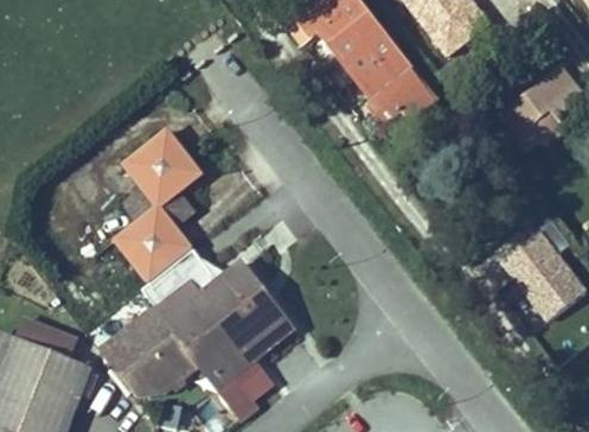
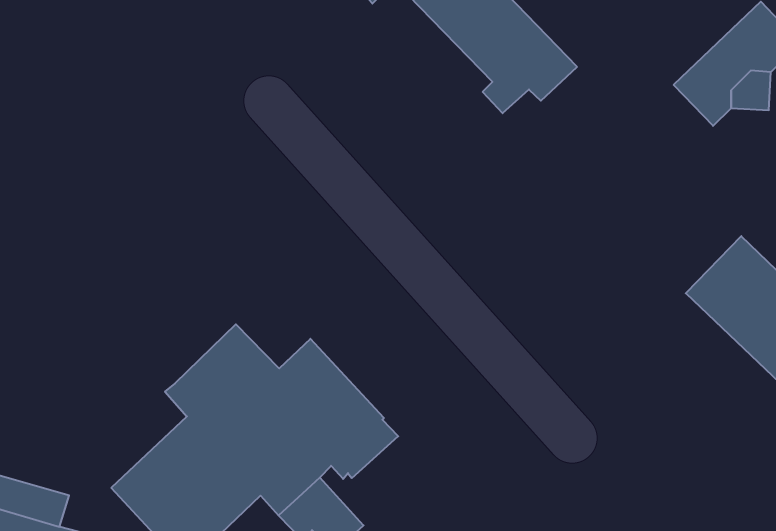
building: [115,131,201,285] -> none

